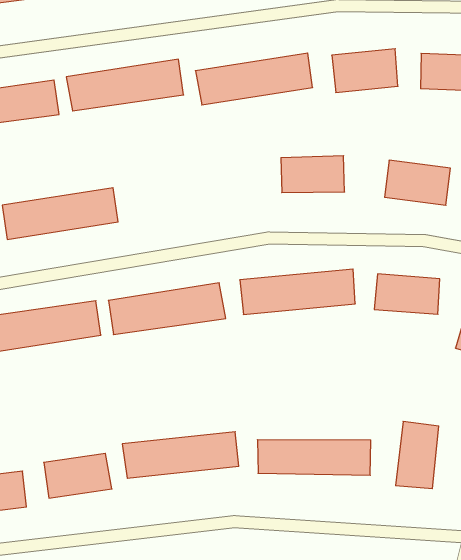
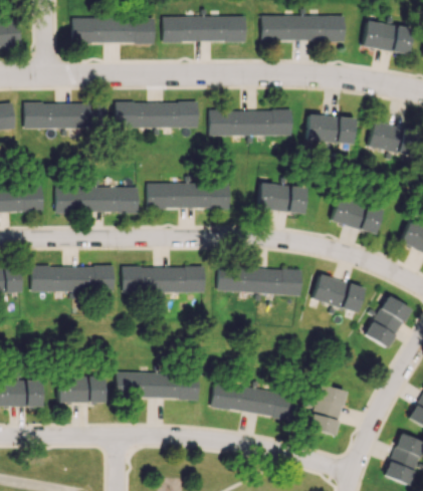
building: none -> [148,183,229,209]

